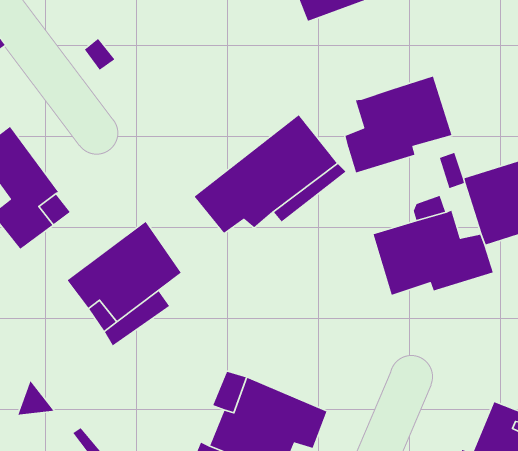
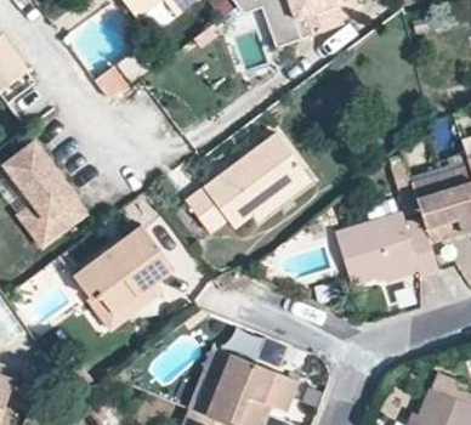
building: [345,76,452,174] -> none

